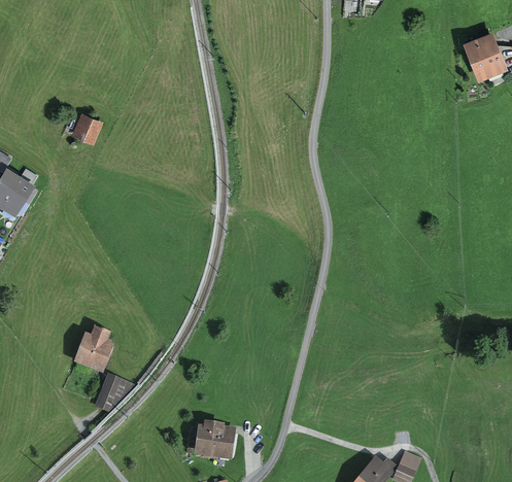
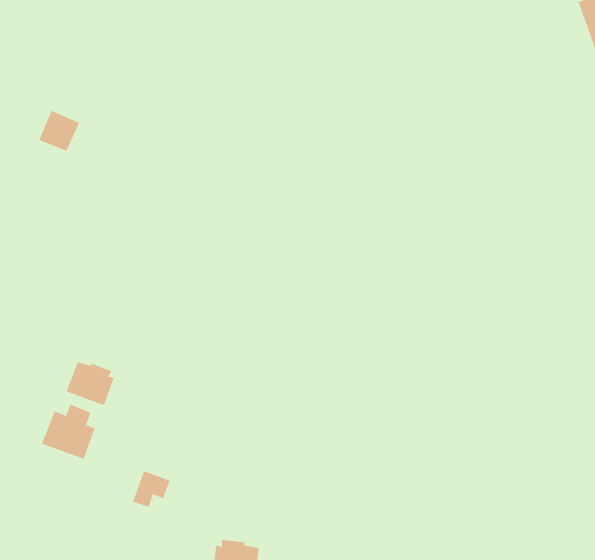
building: none -> [66,362,114,406]
building: [102,378,130,405] -> [132,470,171,508]

